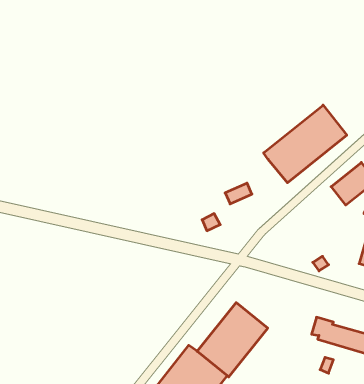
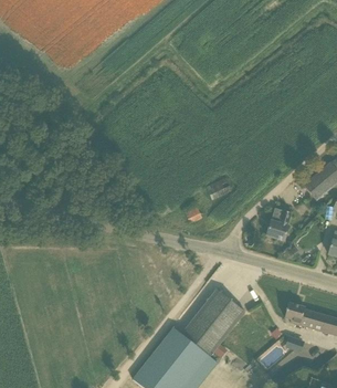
building: [264,105,347,183] -> none
building: none -> [265,208,291,240]

